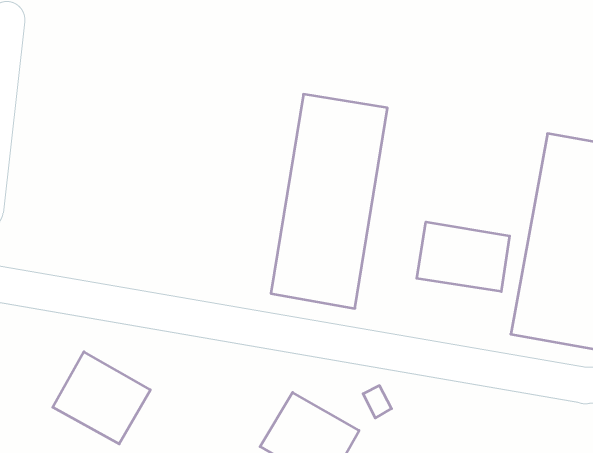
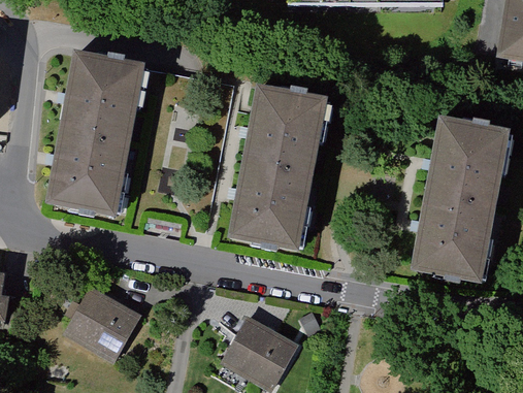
building: none -> [50,55,137,217]
building: [417,222,510,292] -> none

